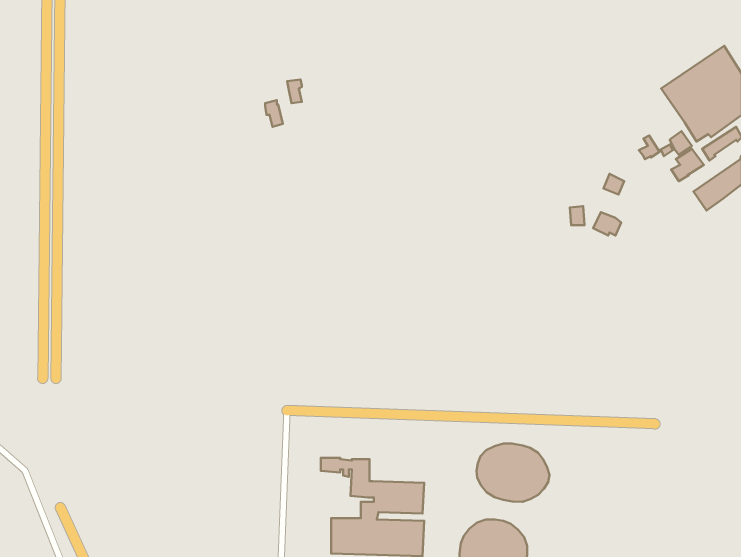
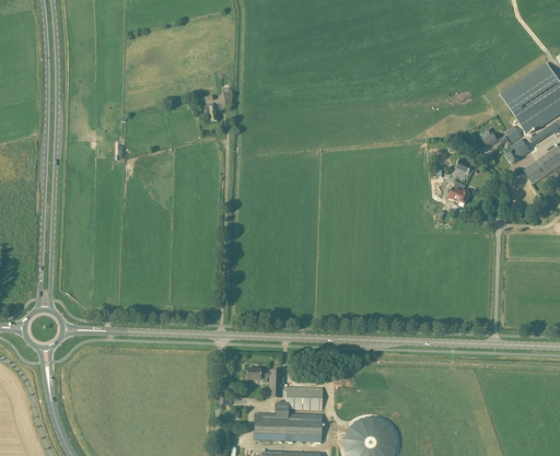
building: [477,444,549,502] -> none

